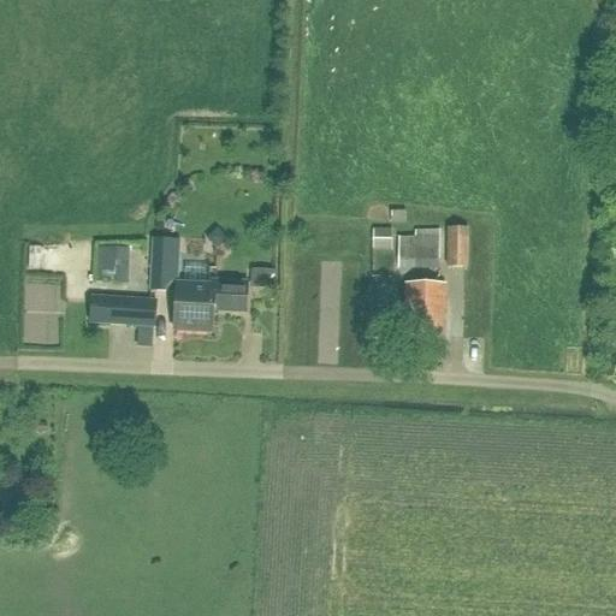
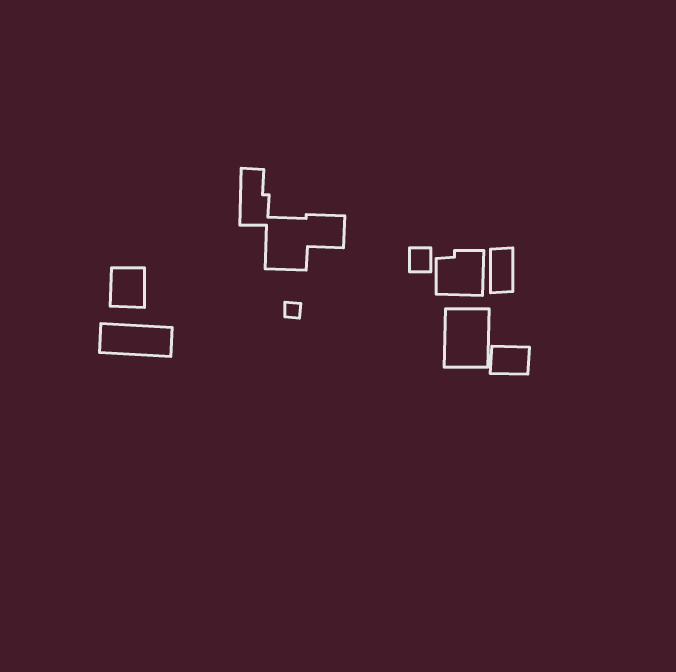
building: [152,237,247,330] -> [240,168,345,270]
building: none -> [490,346,530,374]

